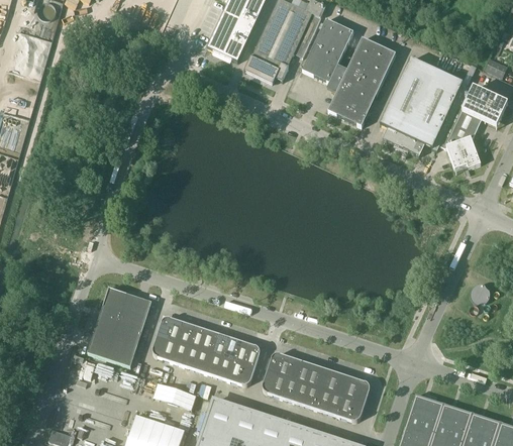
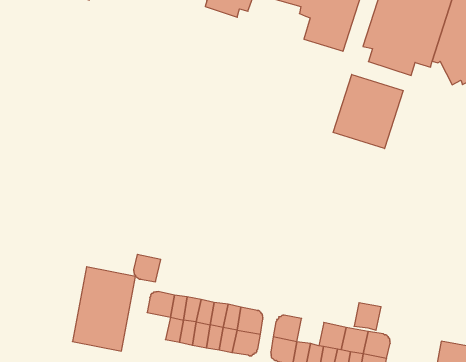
building: none -> [333,74,403,149]
building: [152,334,178,360] -> [134,254,161,282]
building: [287,357,313,383] -> [354,303,381,330]

